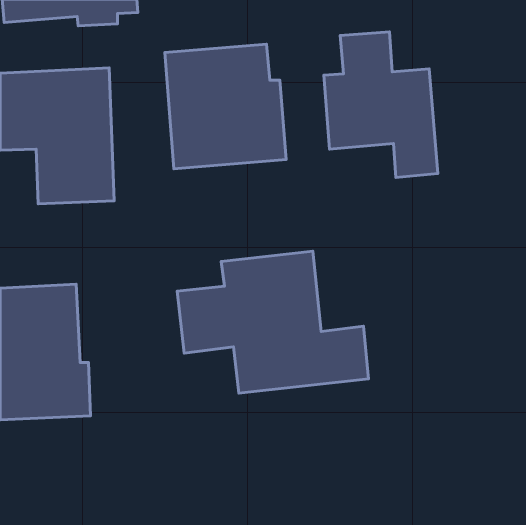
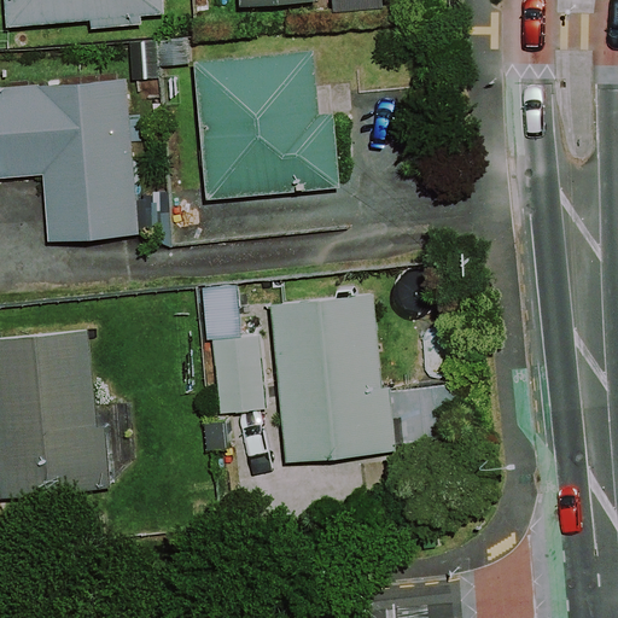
building: [324,32,438,178] -> none

